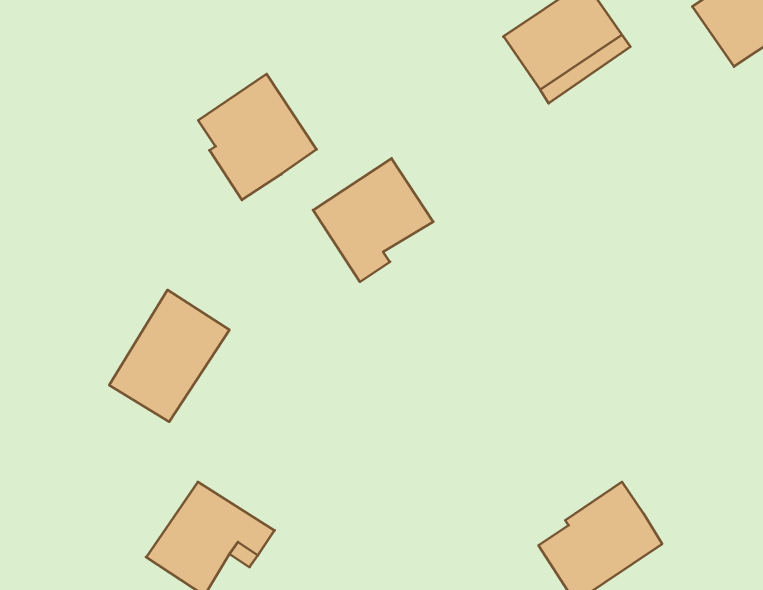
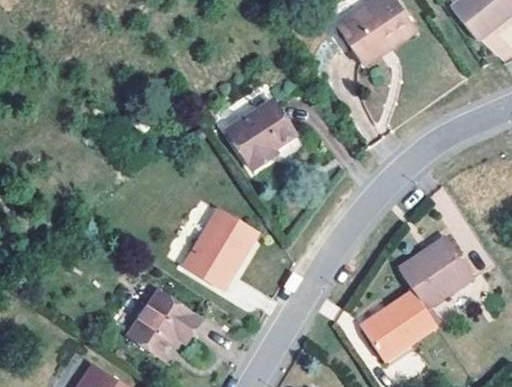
building: [198,74,317,200] -> none
building: [109,290,229,422] -> [185,210,257,289]
building: none -> [394,238,474,309]

